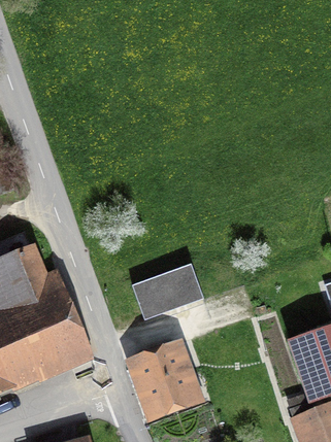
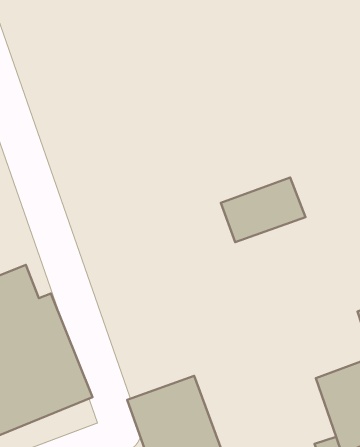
building: [131,263,204,318] -> [221,178,306,242]

